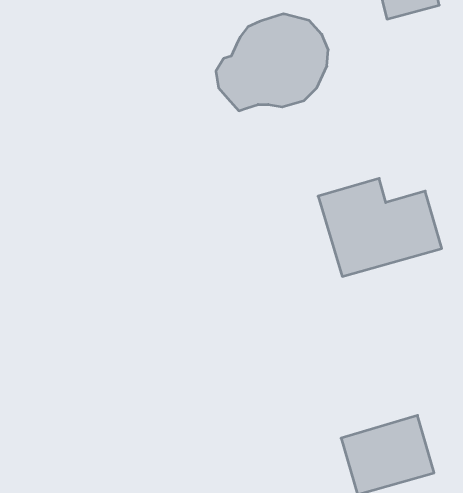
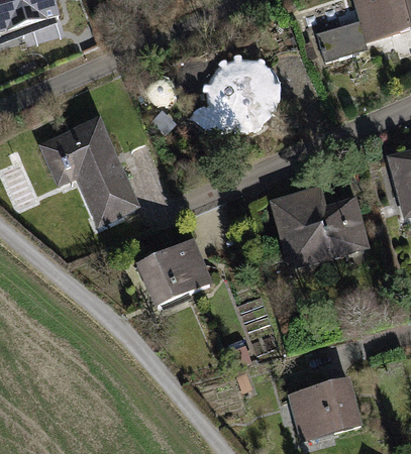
building: none -> [39,117,139,226]
building: none -> [138,237,213,305]

